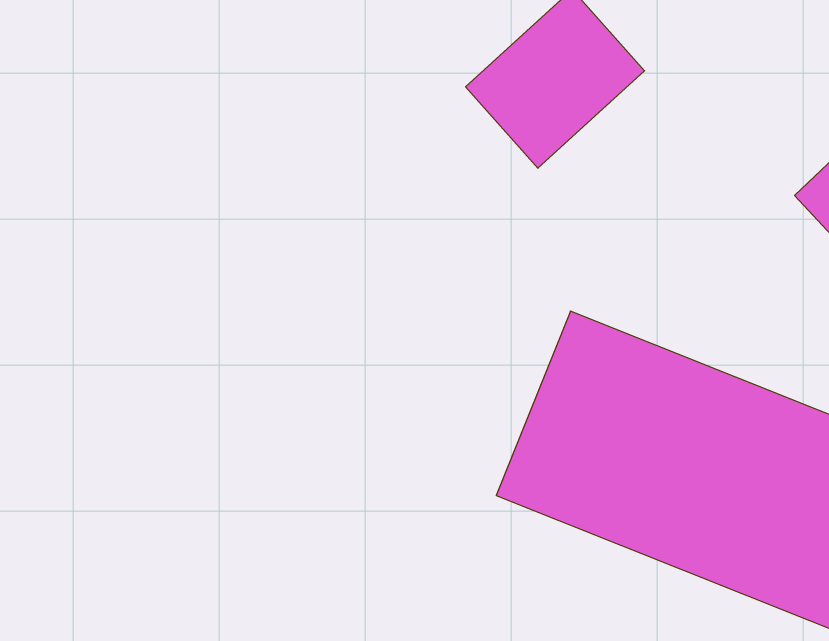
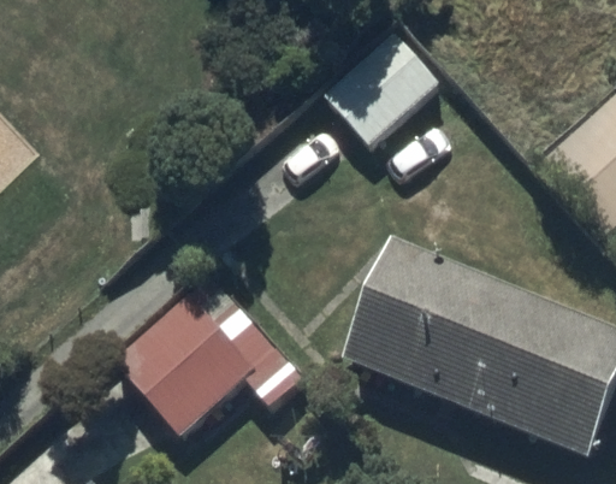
building: none -> [116,272,307,437]

